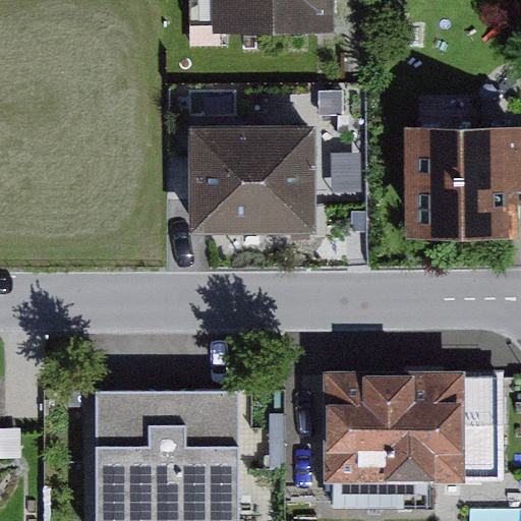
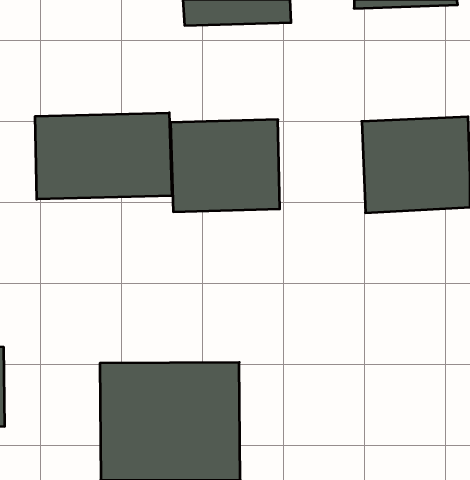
building: none -> [35,113,172,199]
building: [339,374,481,502] -> none

